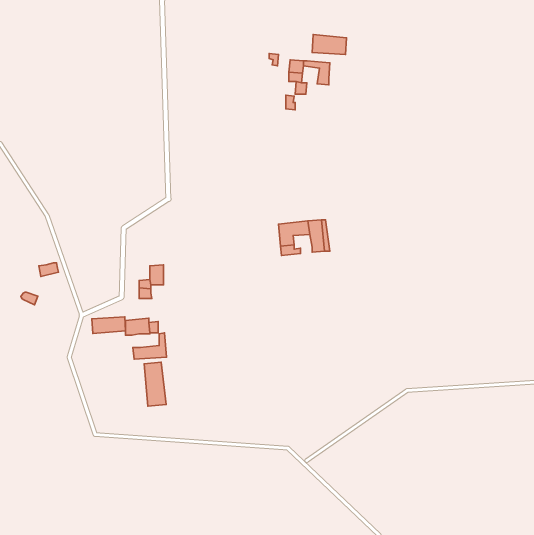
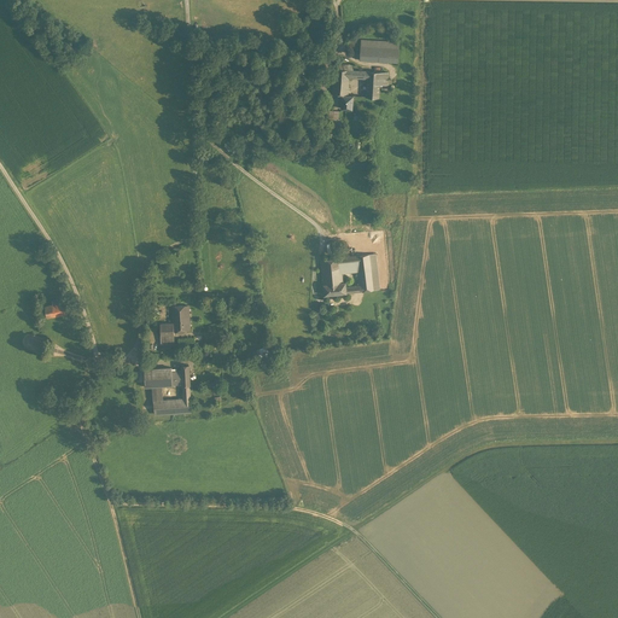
building: [92,317,126,334] -> none
building: [144,362,166,406] -> none

